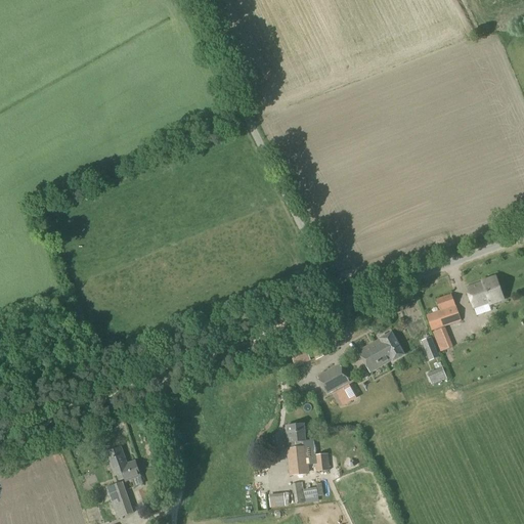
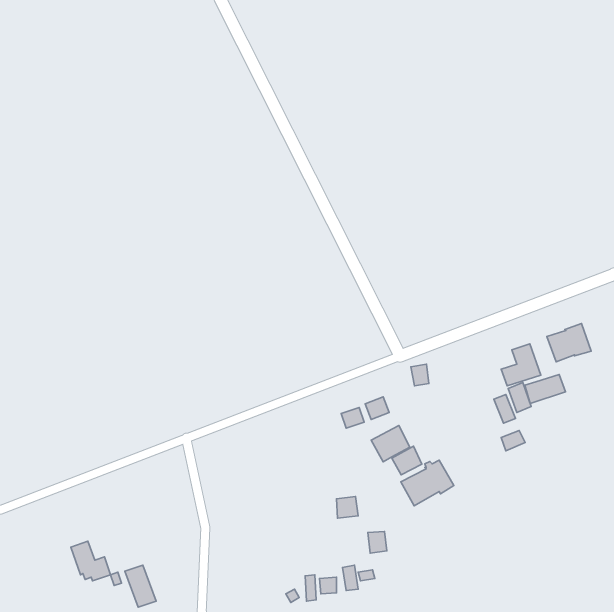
building: none -> [525,374,565,404]
building: [359,332,404,370] -> [401,460,454,506]
building: [106,446,140,480] -> [71,541,111,581]
building: [289,446,307,473] -> none

